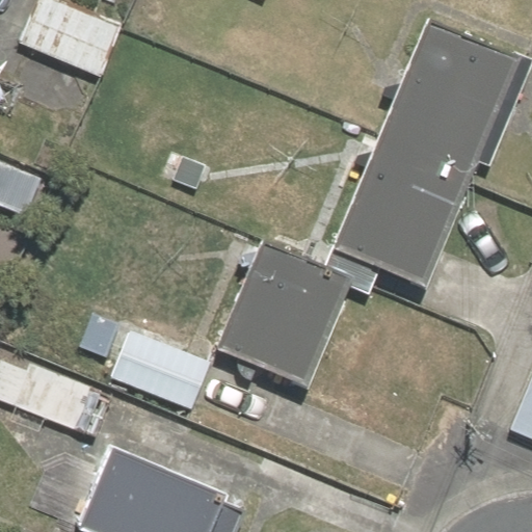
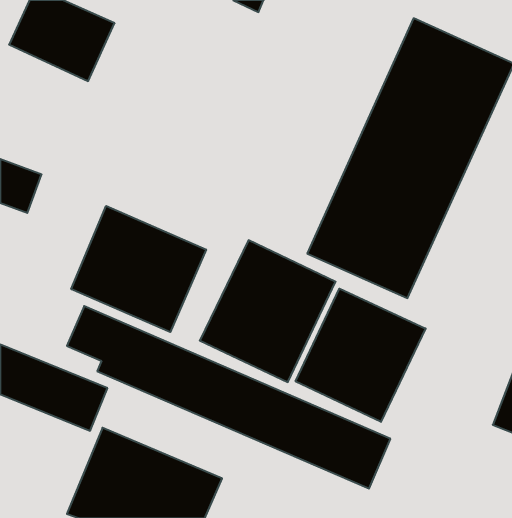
building: none -> [71,206,206,332]
building: none -> [296,289,426,422]

